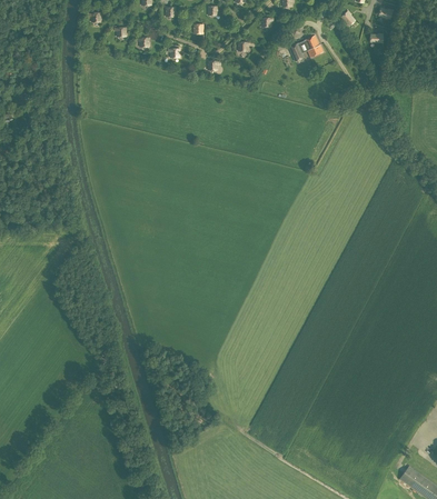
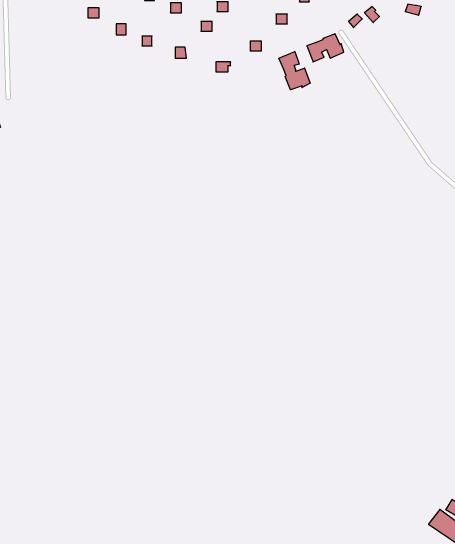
building: none -> [279,52,310,90]

